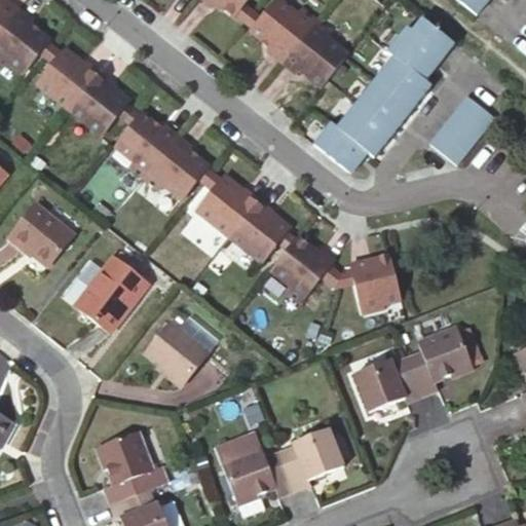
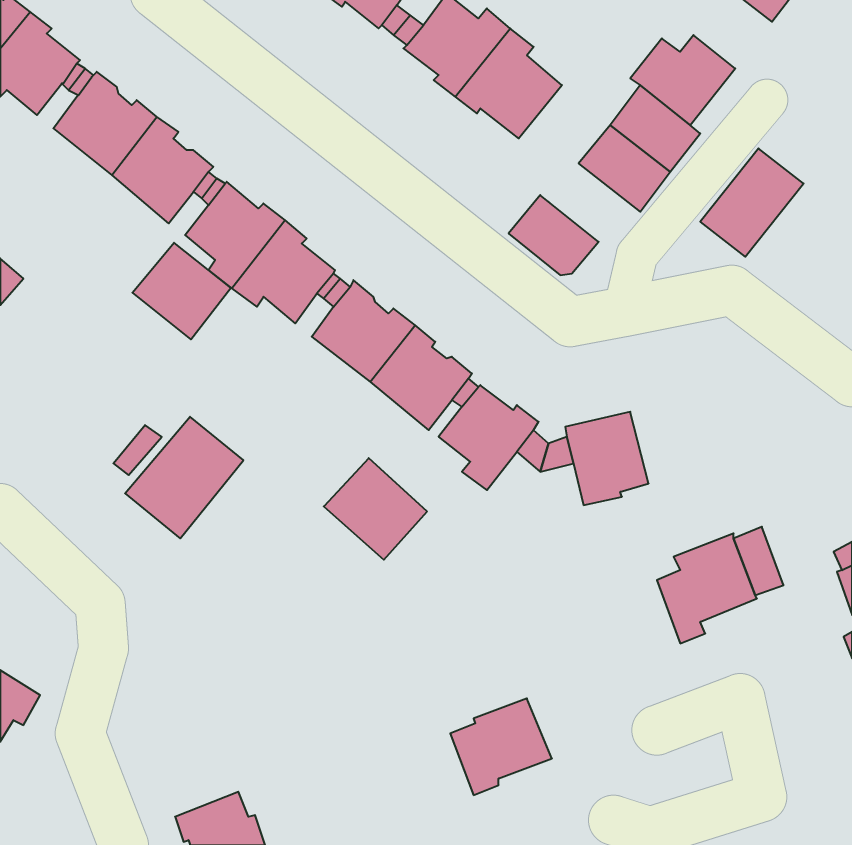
building: [338,101,394,154] -> none
building: [15,204,76,264] -> [132,243,231,339]
building: [145,322,209,384] -> [324,458,427,560]
building: [353,358,419,413] -> none
building: [96,434,172,503] -> none
building: [220,448,292,502] -> none

